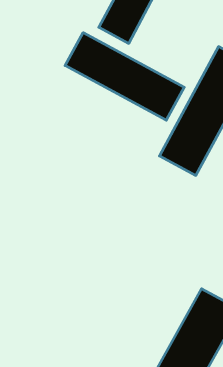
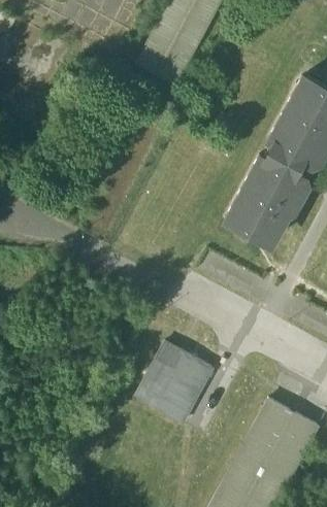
building: [65,33,184,120] -> none
building: none -> [146,342,223,422]

